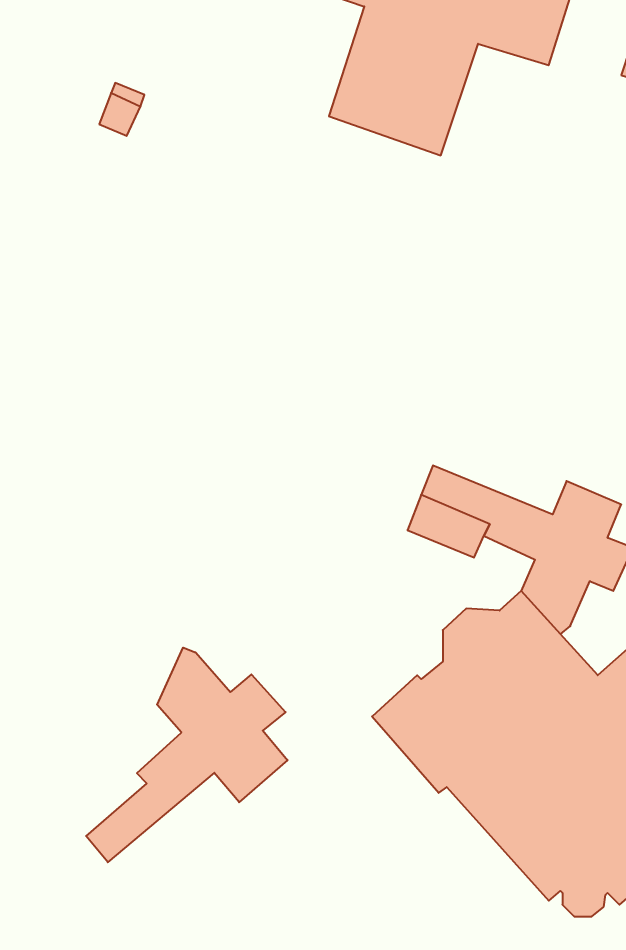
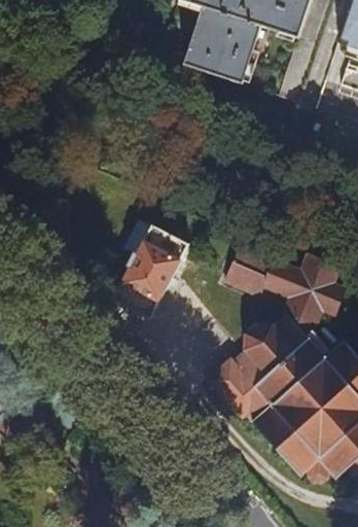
building: none -> [113,224,188,316]
building: [86,648,288,862] -> none

